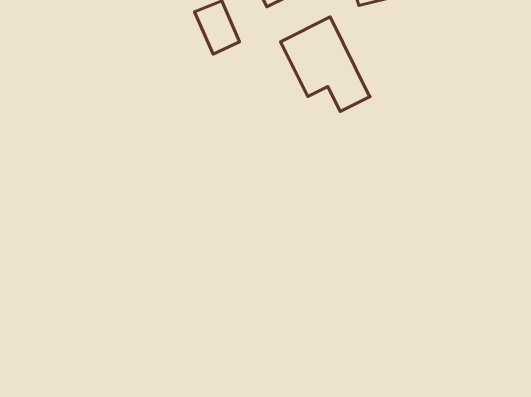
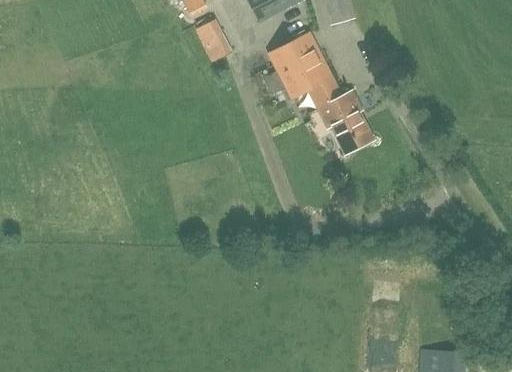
building: none -> [316,89,372,152]

